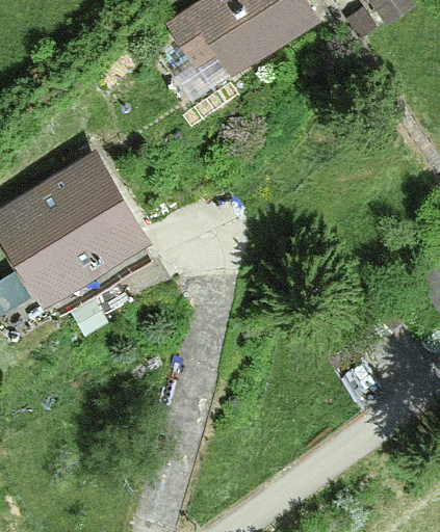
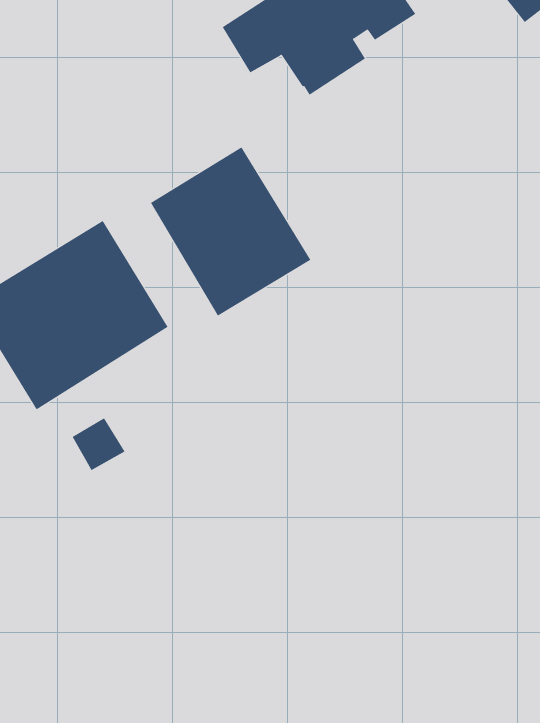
building: none -> [150,147,311,317]

